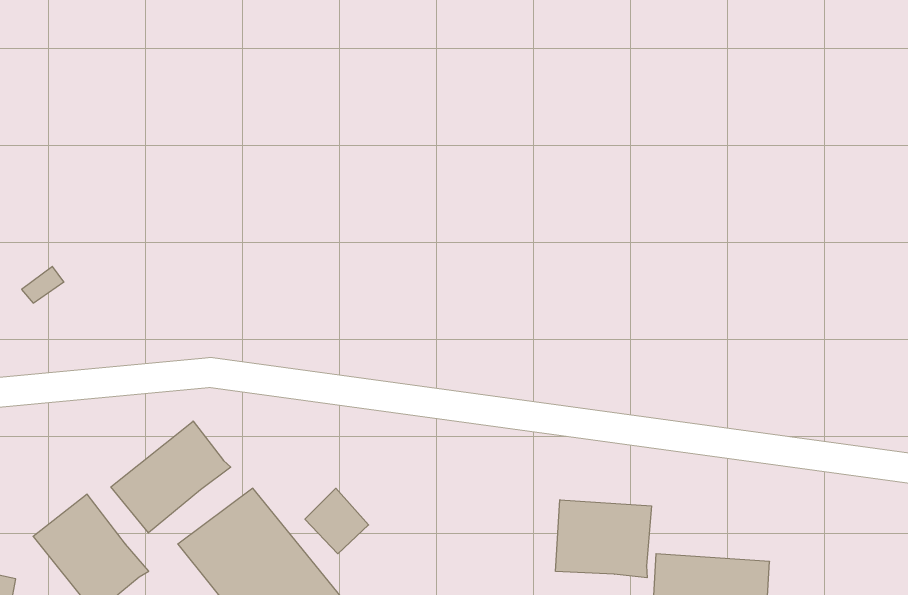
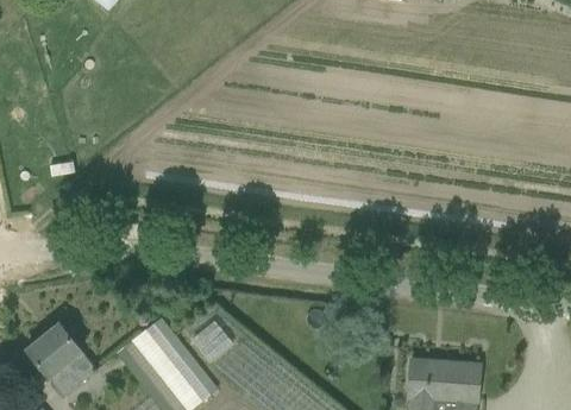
building: [111,421,231,533] -> none
building: [556,500,651,578] -> none

